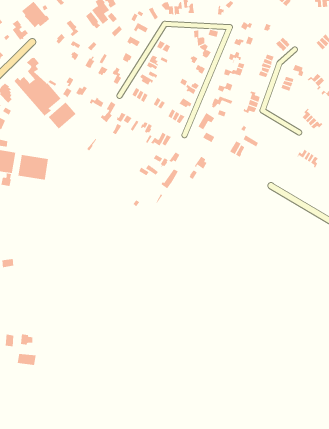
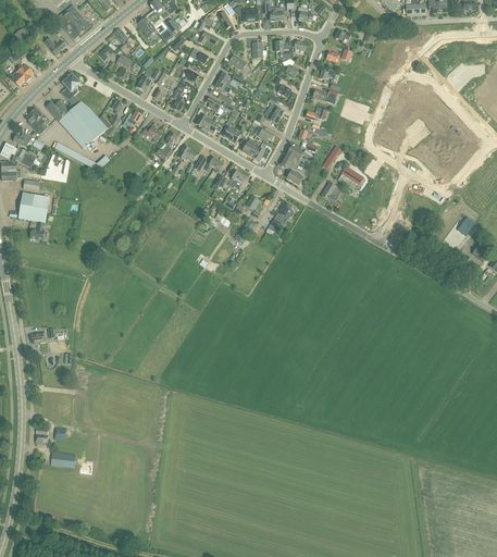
building: [48,102,76,130] -> none
building: [18,154,49,181] -> none

